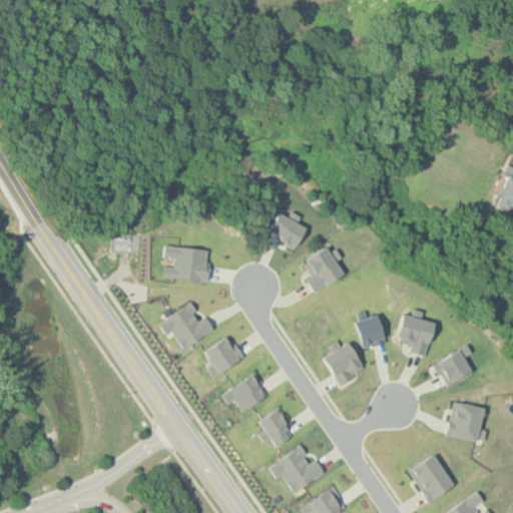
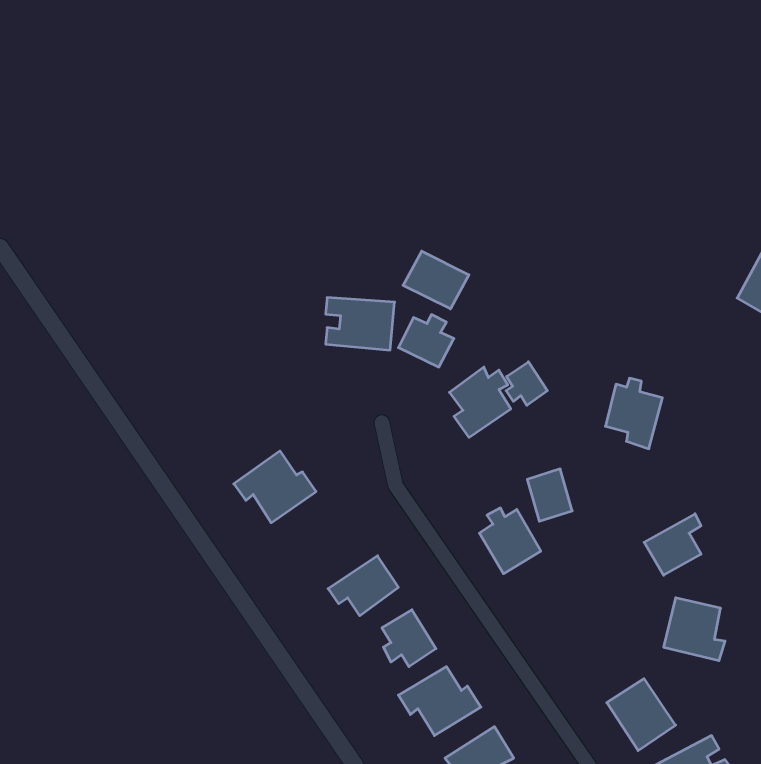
building: none -> [403,251,469,309]
building: none -> [506,362,547,405]
building: [164,246,210,282] -> [326,298,395,350]
building: [397,310,435,357] -> [605,378,662,449]
building: [204,338,245,377] -> none

